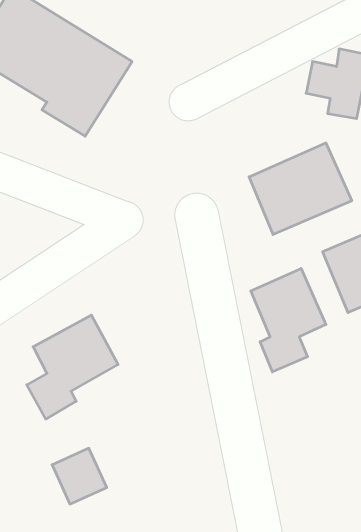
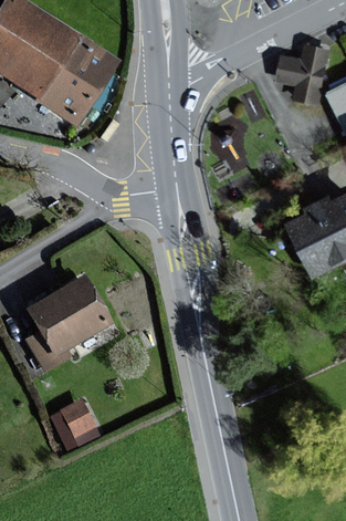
building: [249,143,352,235] -> none
building: [251,268,326,372] -> none

